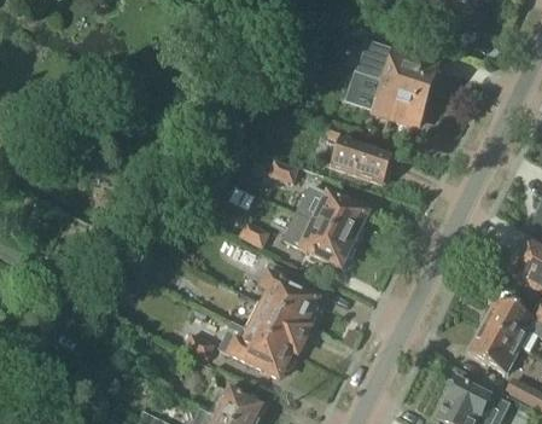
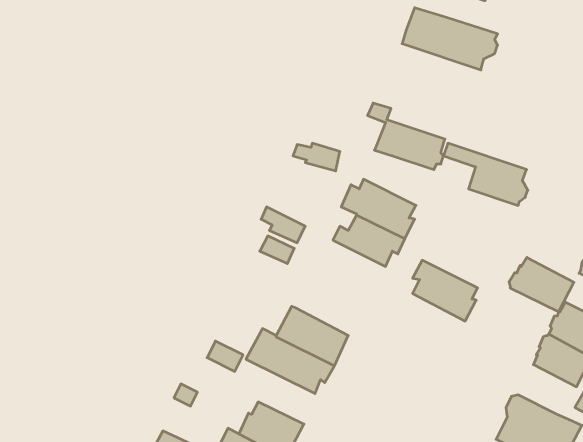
building: [351,71,425,126] -> [444,143,528,205]
building: none -> [509,257,574,312]
building: [262,273,319,326] -> [413,260,478,321]

